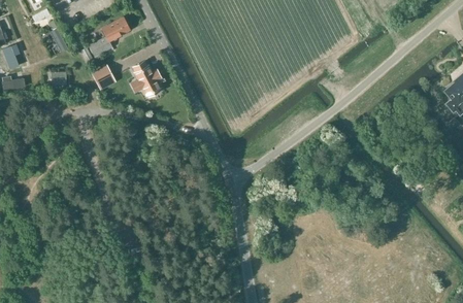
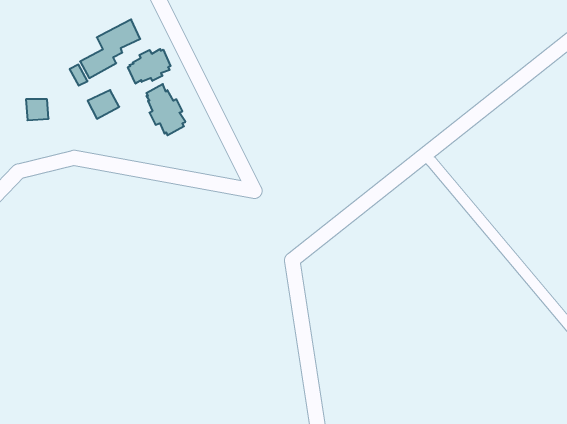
building: none -> [128,49,171,84]

